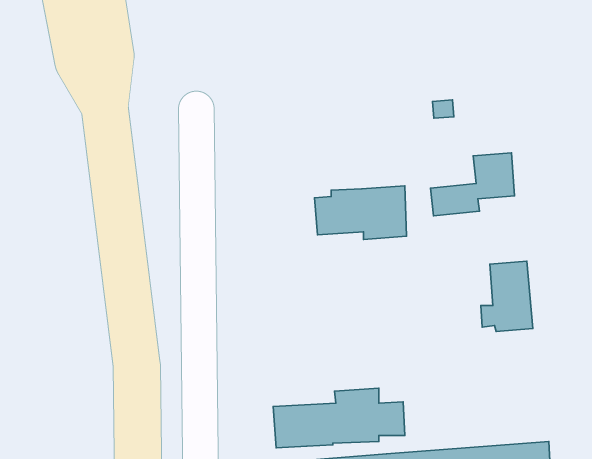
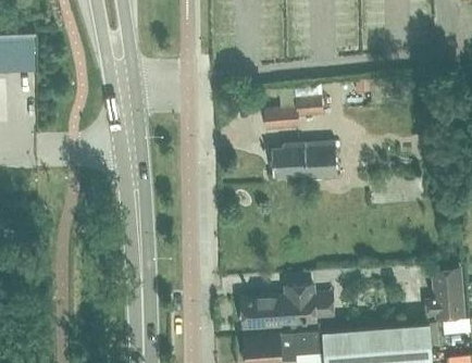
building: [430,153,515,216] -> [263,85,323,129]
building: [481,261,533,332] -> [425,267,462,317]

